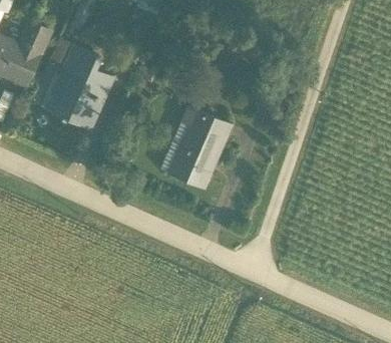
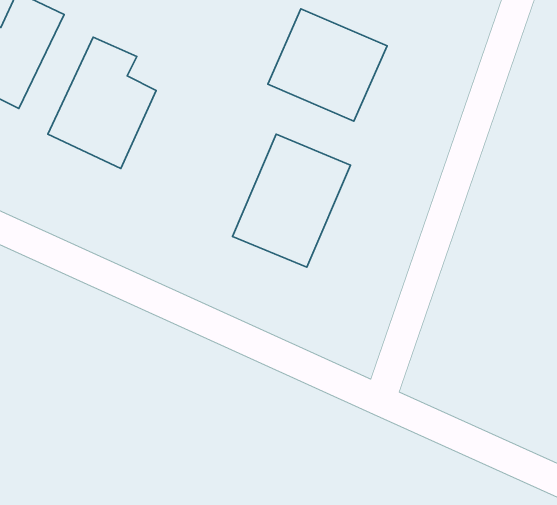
building: none -> [268,9,387,121]

